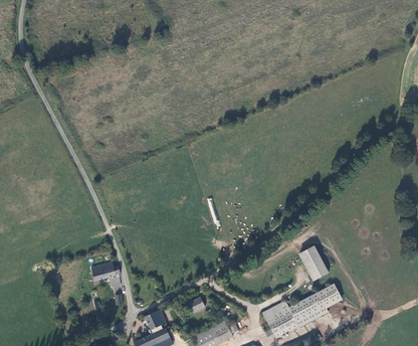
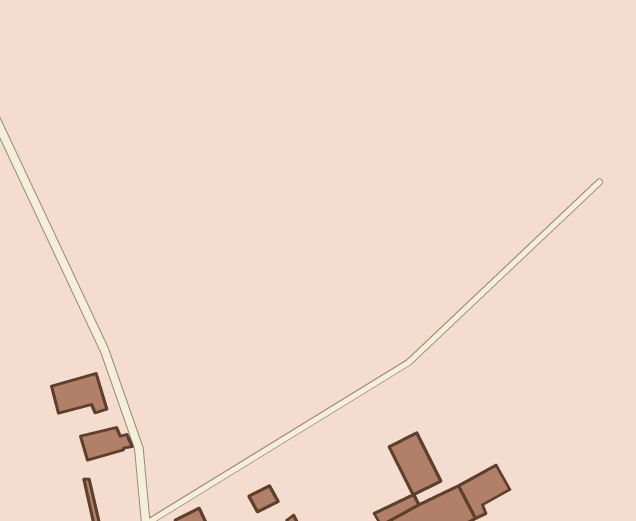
building: none -> [51,374,107,413]
building: [298,244,329,281] -> [389,433,441,495]

